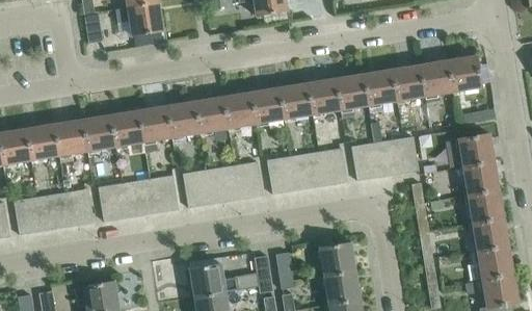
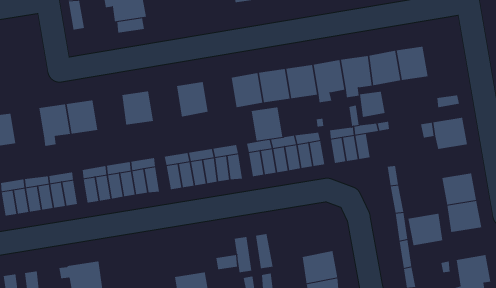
building: [448,56,481,92] -> none
building: [222,93,256,128] -> [251,107,283,141]
building: [166,101,200,137] -> none
building: [109,110,142,147] -> none
building: [25,124,58,160] -> none
building: [392,148,419,175] -> [359,91,386,117]
building: [462,161,498,196] -> none
building: [319,242,355,277] -> none
building: [476,247,512,280] -> [408,213,443,246]
building: [188,263,224,297] -> none

